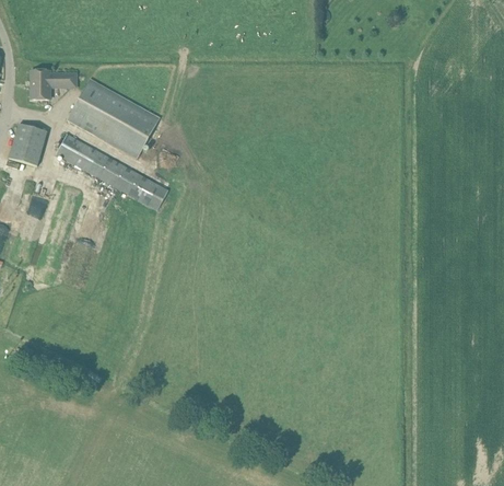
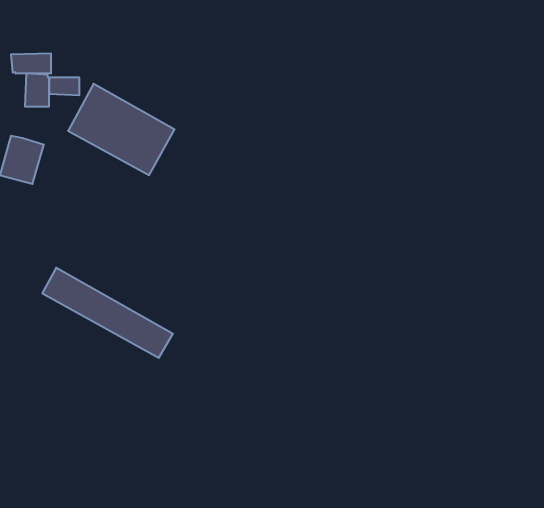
building: none -> [11,53,51,74]
building: [55,131,167,209] -> [42,268,173,358]

